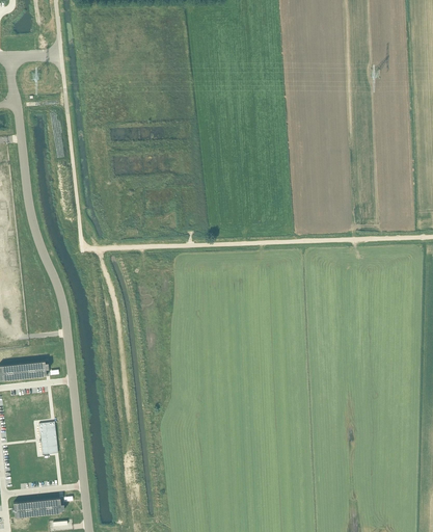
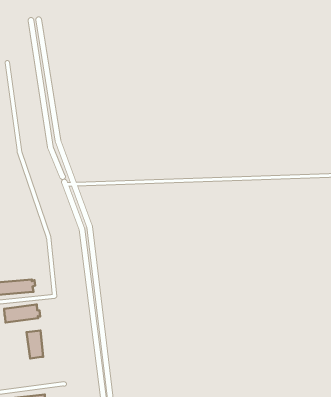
building: none -> [4,304,40,322]

